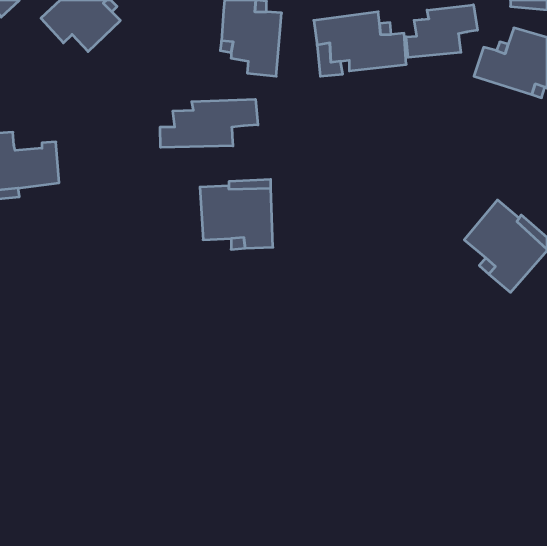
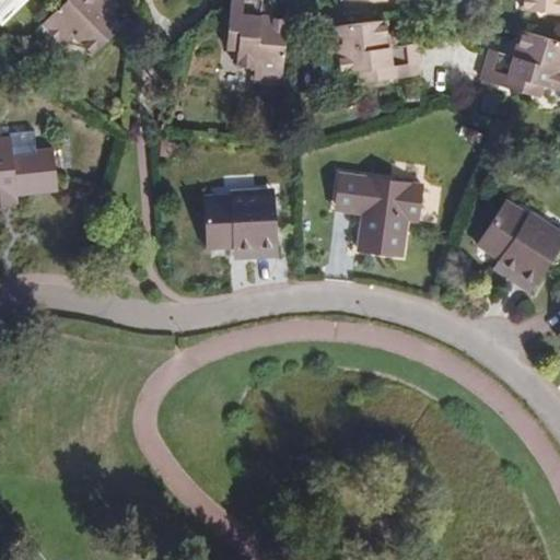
building: [406,5,477,57] -> none
building: [160,99,258,147] -> none
building: none -> [342,170,430,255]

